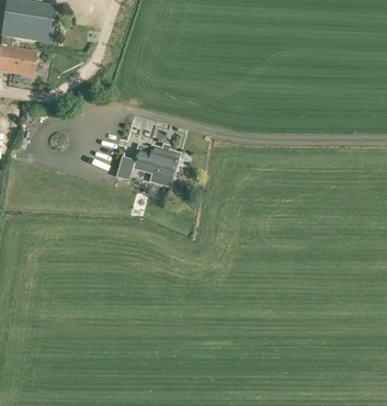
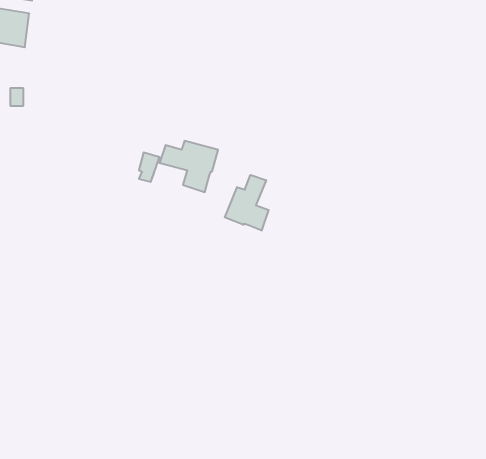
building: none -> [225,175,269,231]

